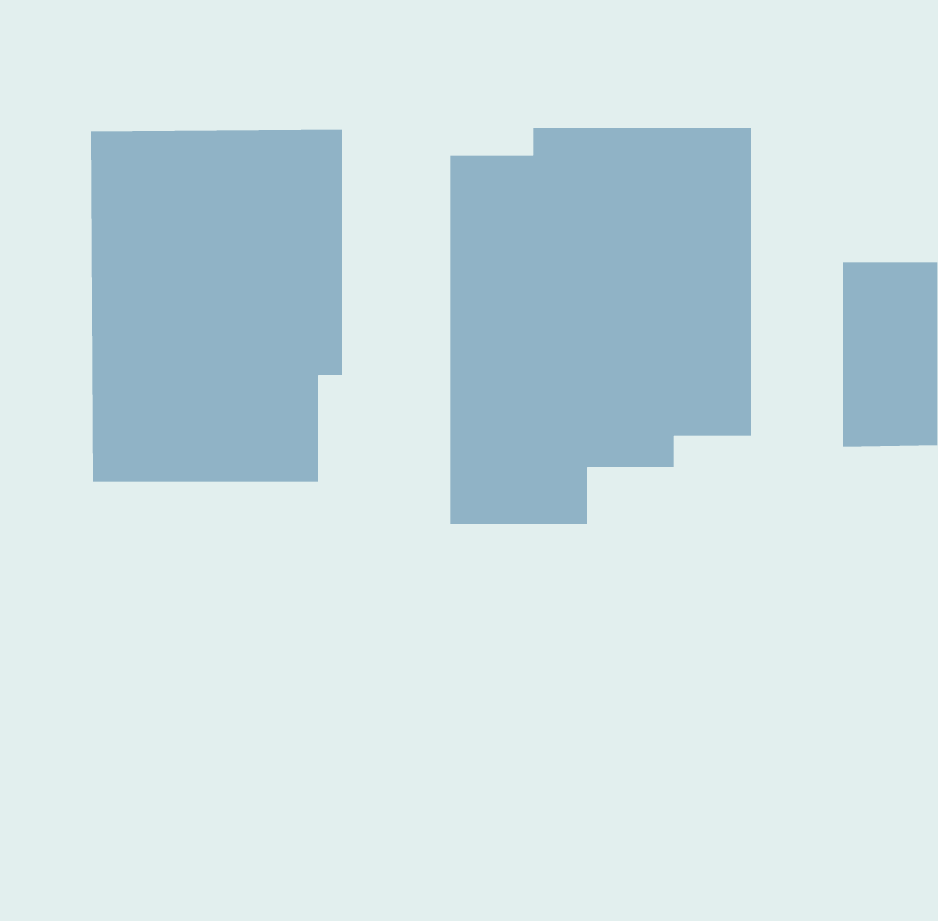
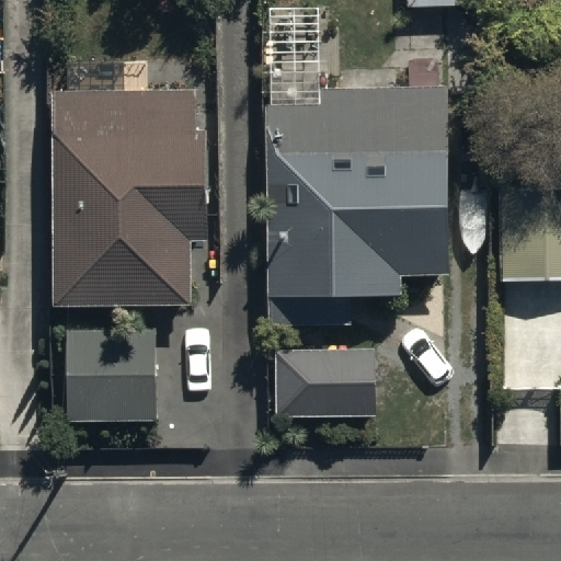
building: none -> [66,332,154,422]
building: none -> [273,360,375,430]

